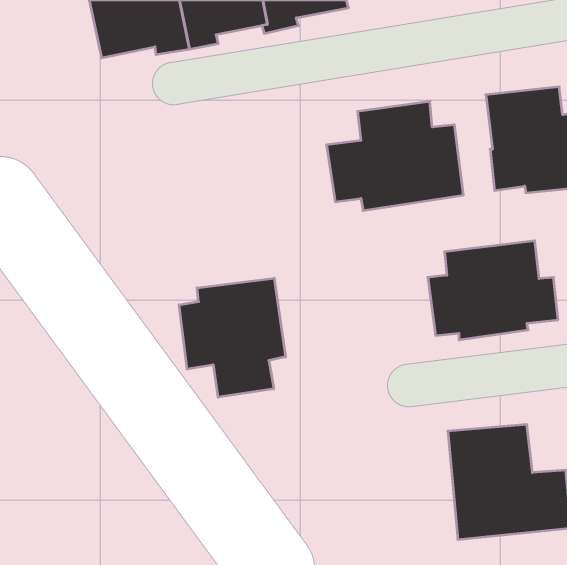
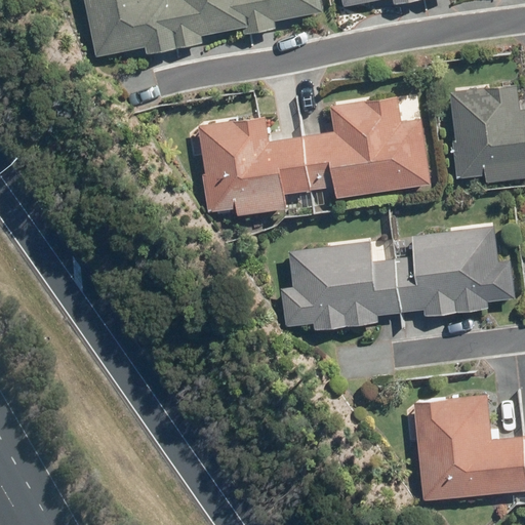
building: none -> [197,117,311,215]
building: none -> [281,241,401,330]
building: [179,278,286,397] -> none

